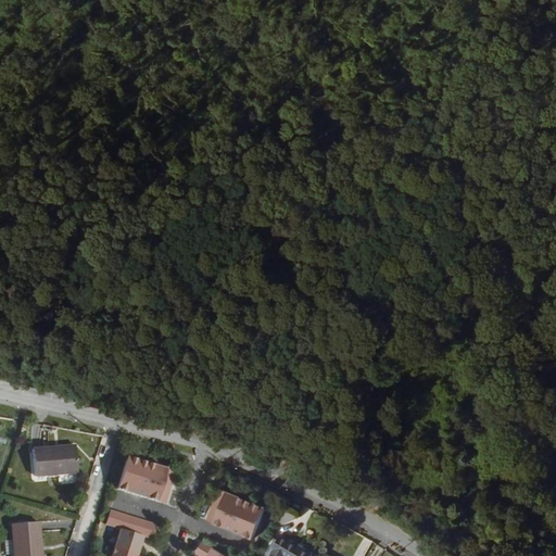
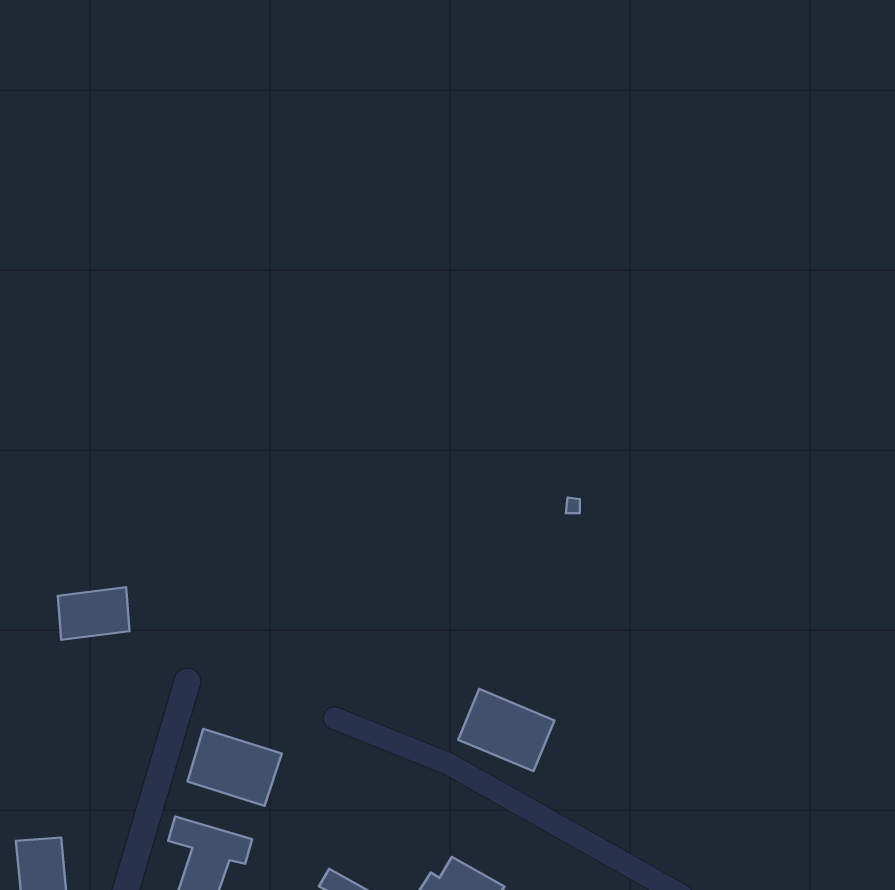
building: [31,445,76,478] -> [58,587,130,640]
building: [208,488,268,539] -> [458,689,554,771]

